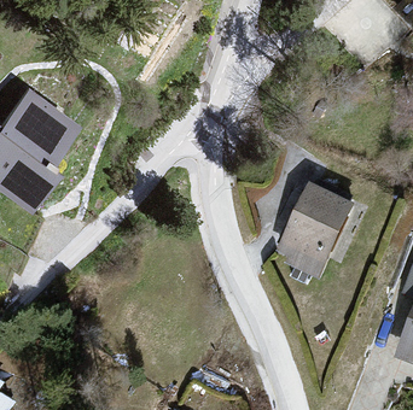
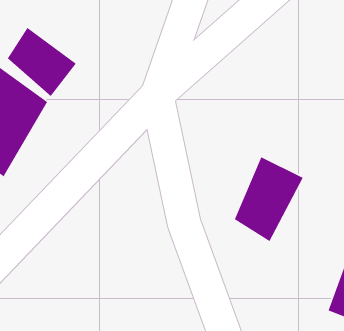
building: none -> [7,27,77,97]

